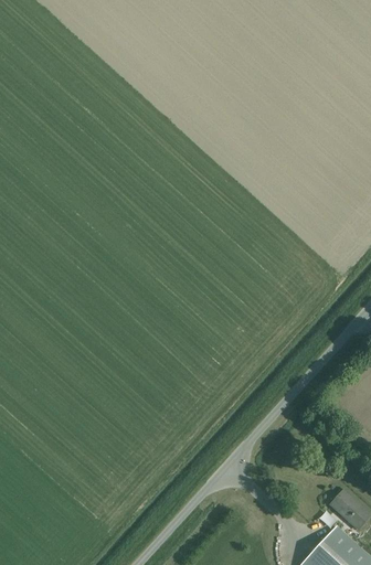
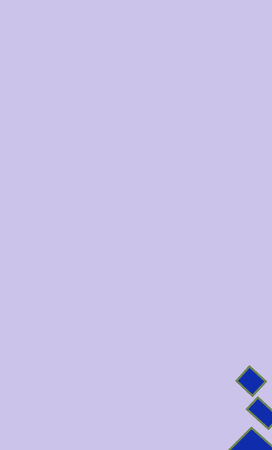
building: none -> [236,367,266,396]

